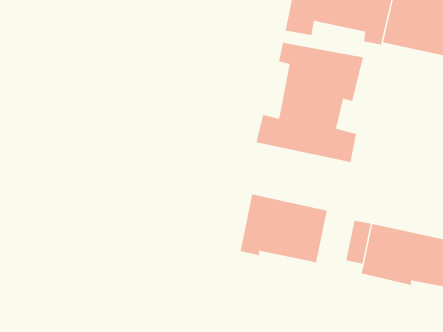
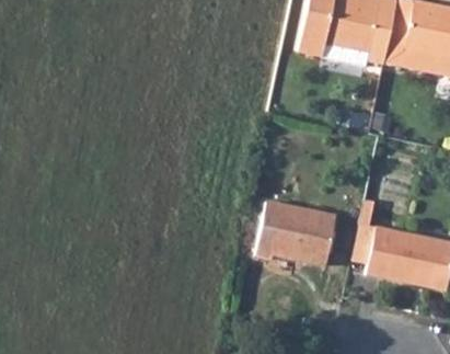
building: [256,42,364,163] -> none

